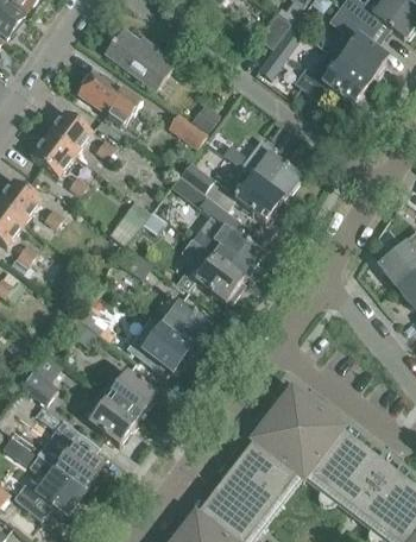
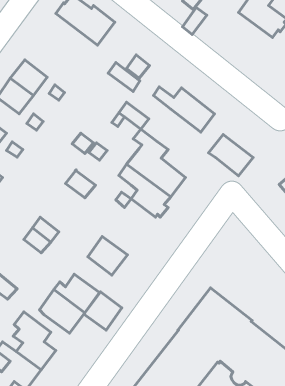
building: [296,50,370,105] -> none
building: [78,70,140,125] -> none
building: [227,169,282,220] -> [209,134,253,176]
building: [159,296,210,348] -> none
building: none -> [84,292,122,330]

